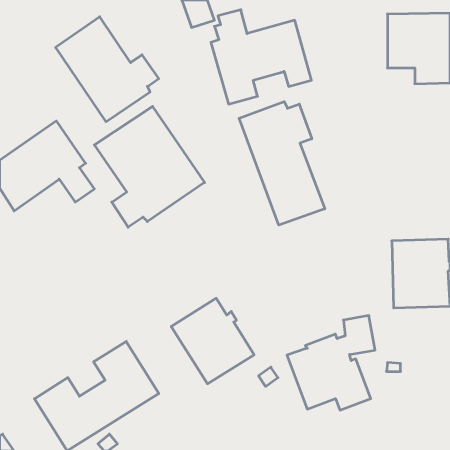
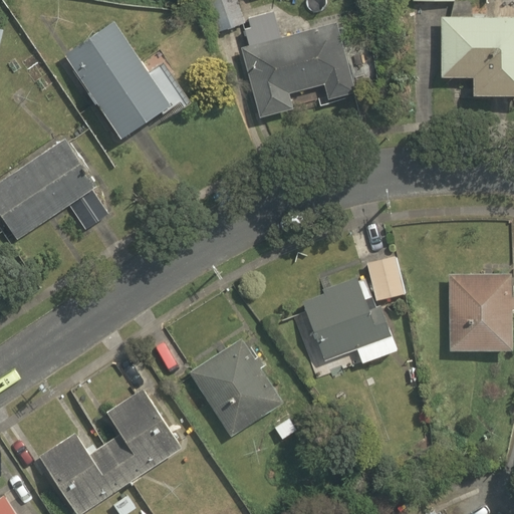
building: [239,102,325,225] -> none
building: [94,106,205,227] -> none
building: [287,316,375,410] -> [301,256,402,363]

